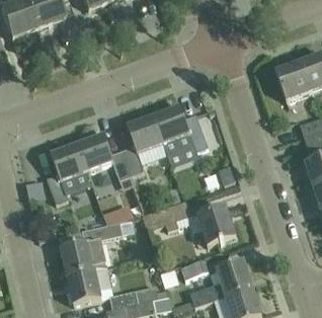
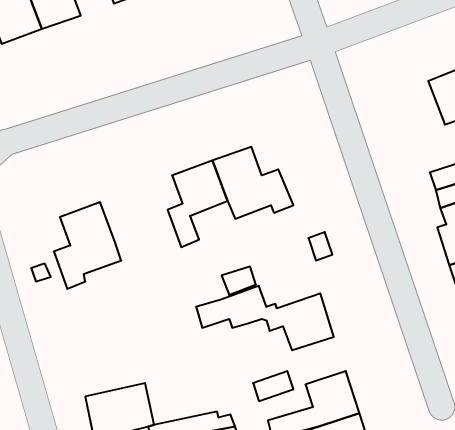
building: [274,62,310,100] -> none
building: [77,134,132,179] -> none
building: [61,219,135,275] -> none

